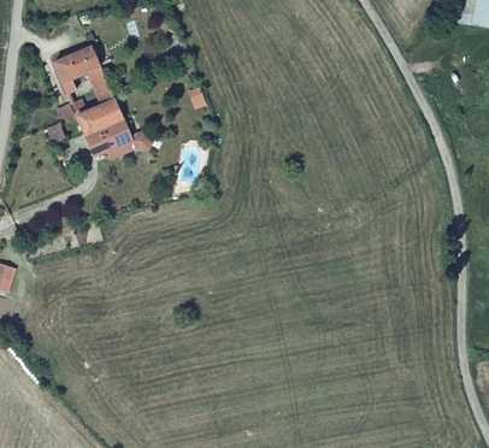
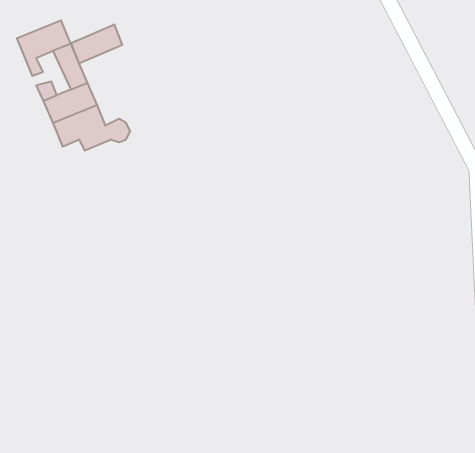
building: none -> [71,24,122,64]

